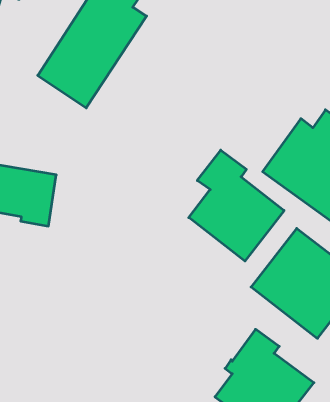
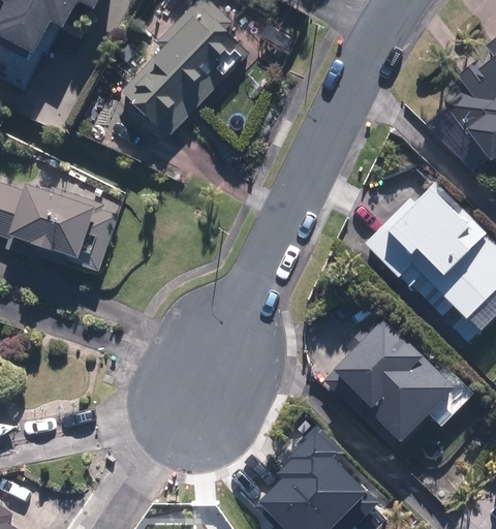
building: [189,150,284,261] -> none

